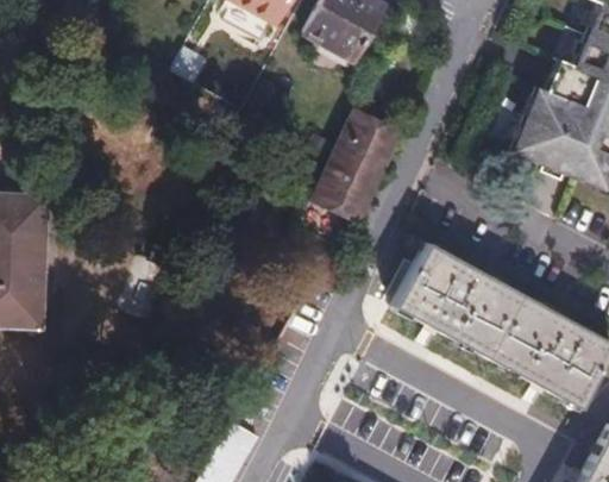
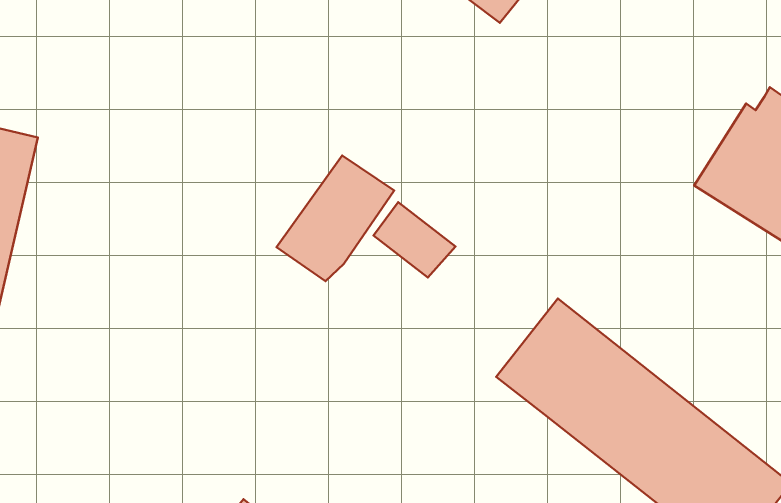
building: [322,123,397,212] -> [276,156,394,281]

